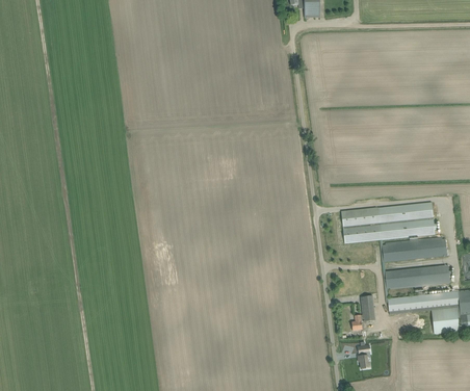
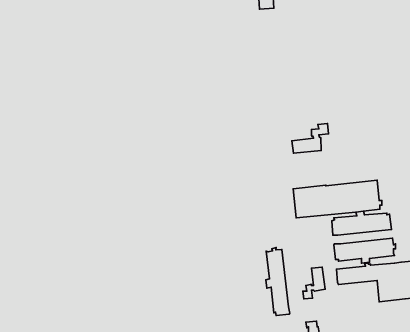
building: none -> [292,124,329,153]
building: none -> [266,248,290,315]

